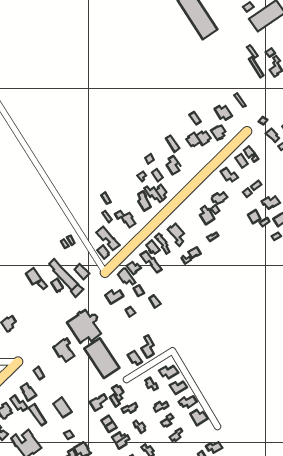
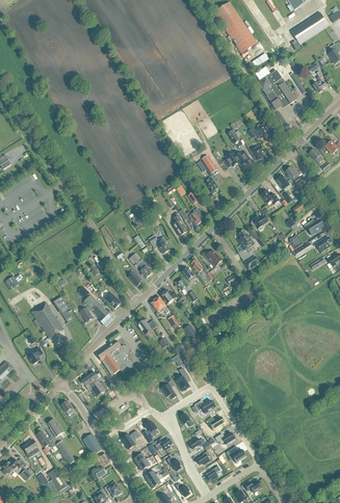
building: none -> [255,65,296,109]
building: none -> [31,301,63,344]
building: [84,338,120,378] -> none

